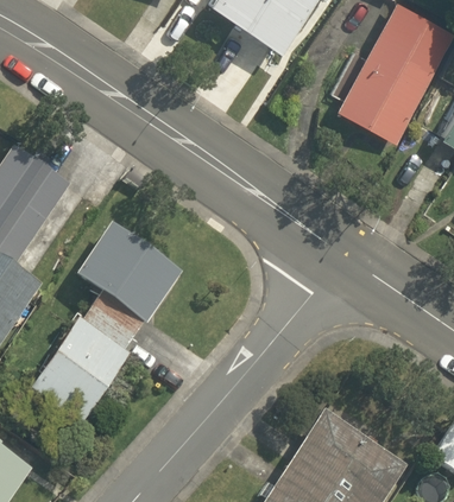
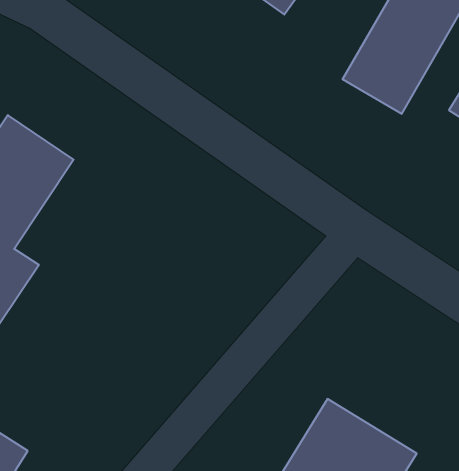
building: [75,223,183,326] -> none
building: [23,312,132,427] -> none

